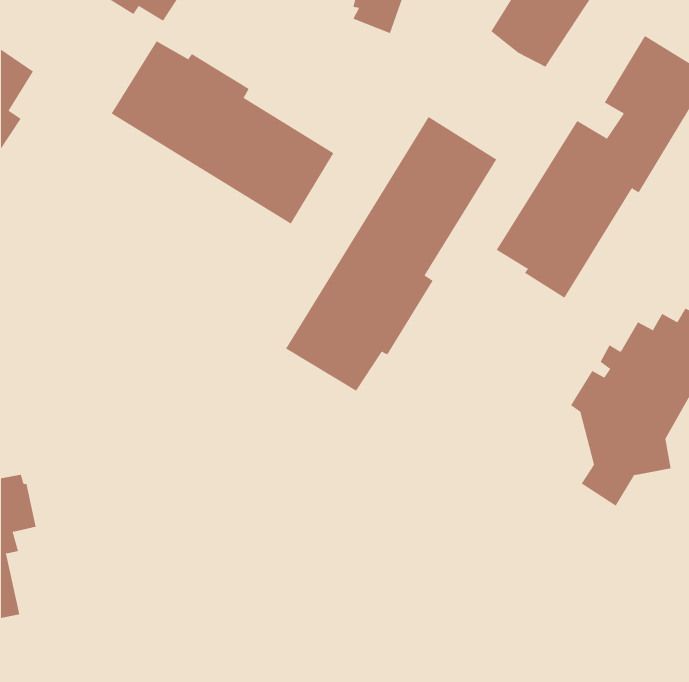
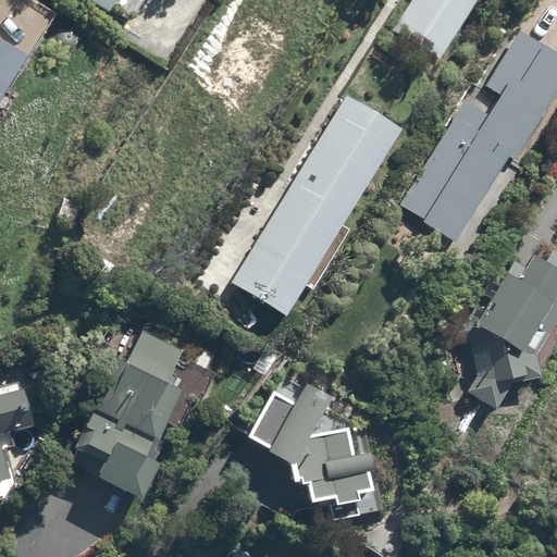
building: [111,41,334,225] -> none
building: none -> [87,335,187,502]
building: none -> [247,384,372,507]

